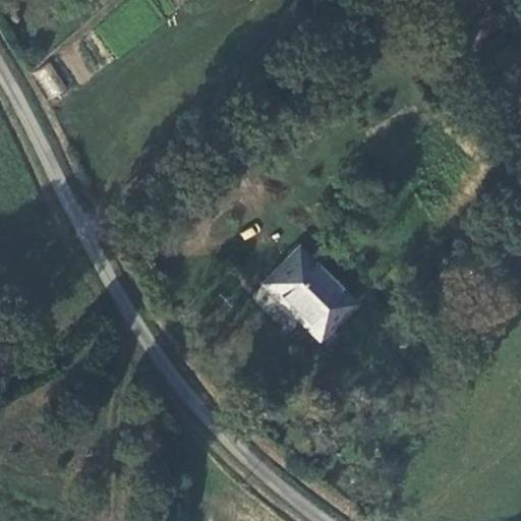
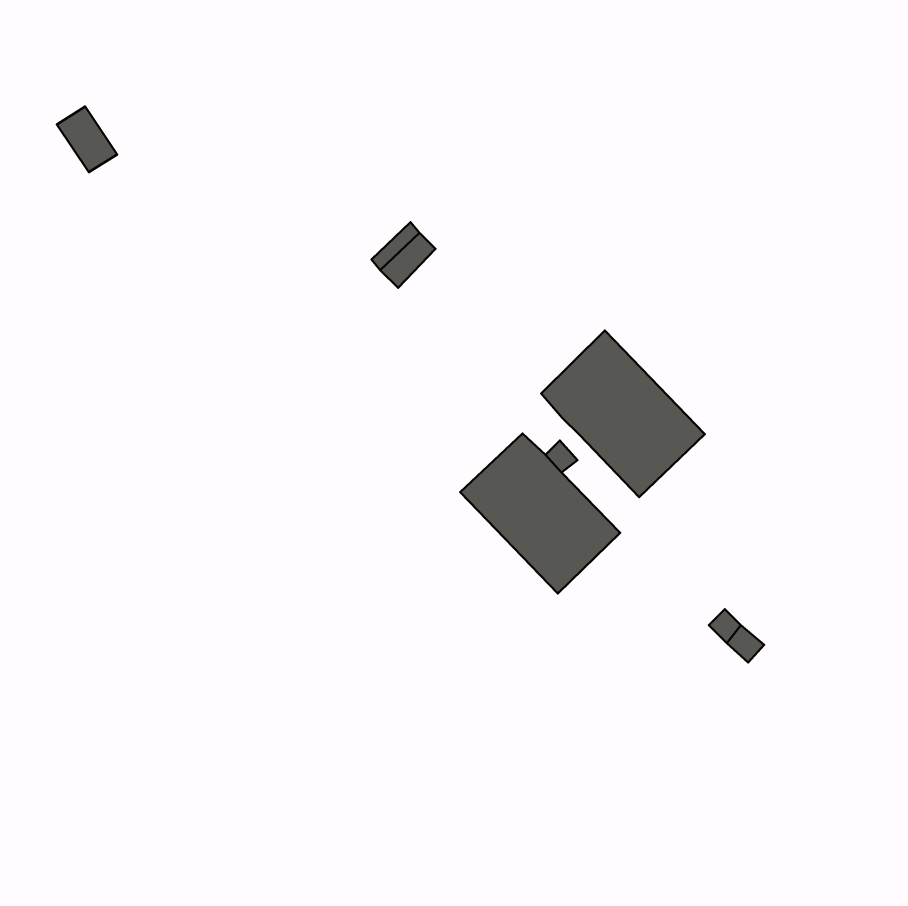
building: none -> [541,331,705,497]

